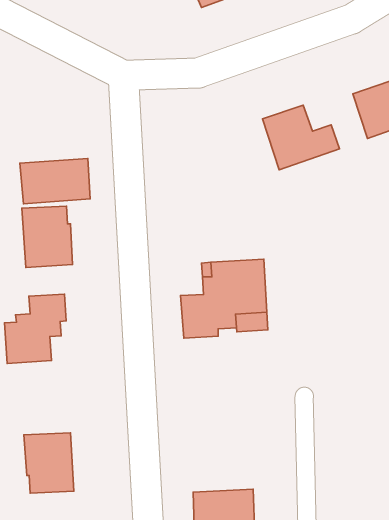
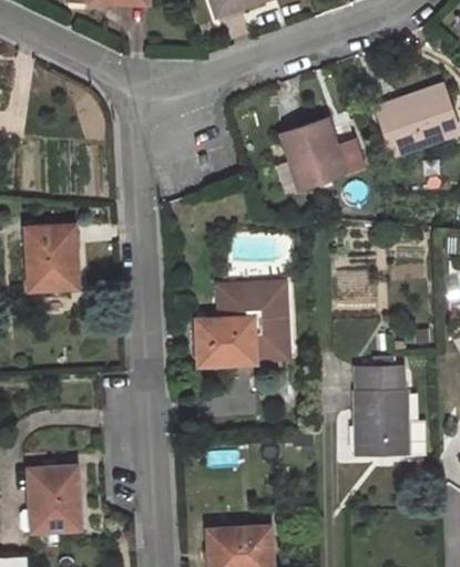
building: [20,159,90,204] -> none
building: [4,294,66,364] -> none
building: none -> [351,358,407,453]

